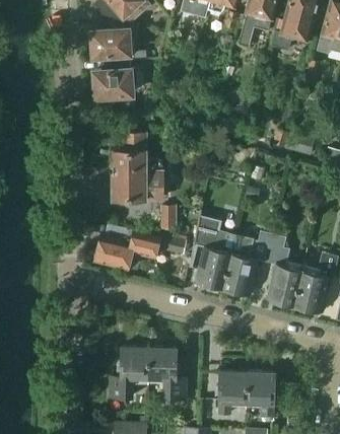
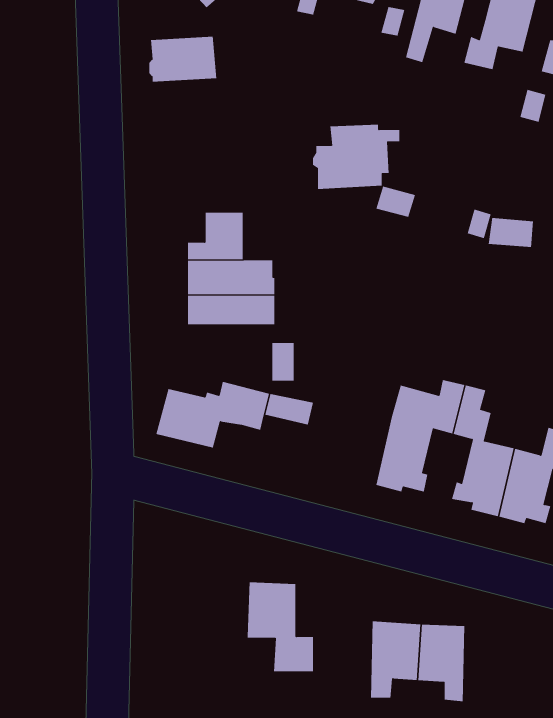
building: [91,60,142,97] -> [312,124,400,189]
building: [194,211,235,290] -> none
building: [109,345,148,396] -> none

